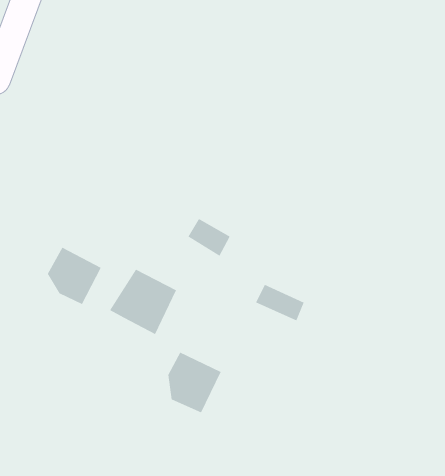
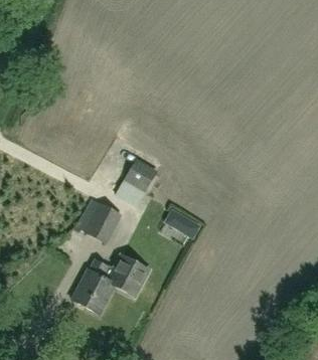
building: [47,247,102,305] -> none
building: none -> [72,259,115,314]

